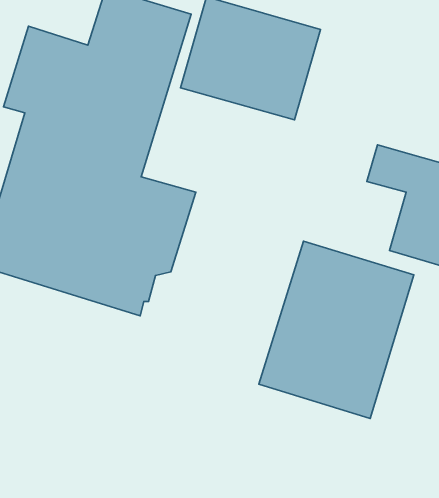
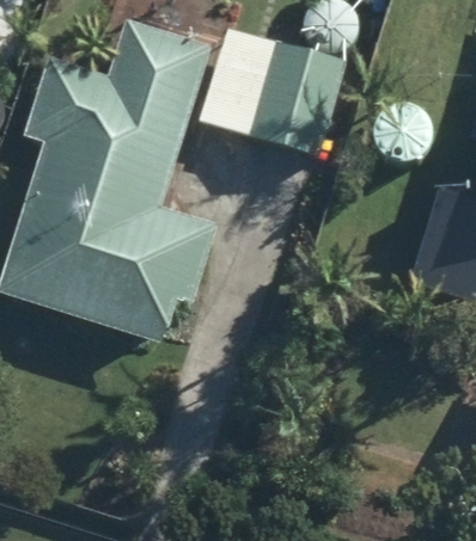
building: [259,241,414,419] -> none

